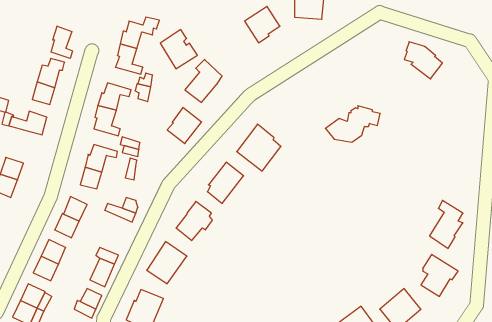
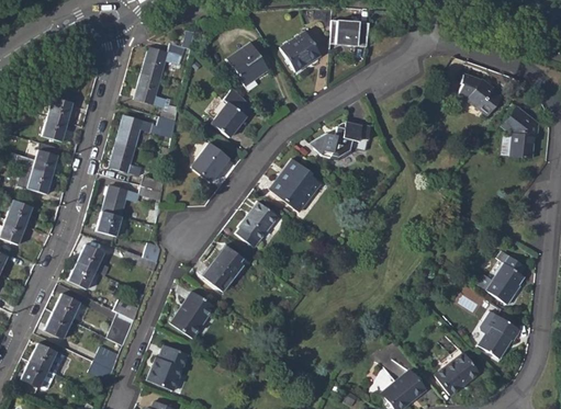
building: [51,26,73,58] -> none
building: [160,30,197,69] -> [226,43,268,87]
building: none -> [502,104,538,154]
building: [325,106,380,142] -> [312,122,373,162]
building: none -> [18,167,53,194]

